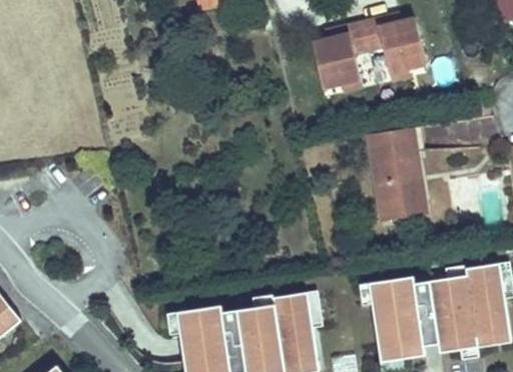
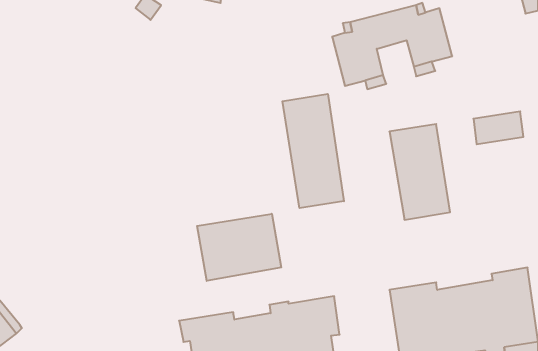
building: none -> [282,94,344,208]
building: none -> [197,214,281,281]

